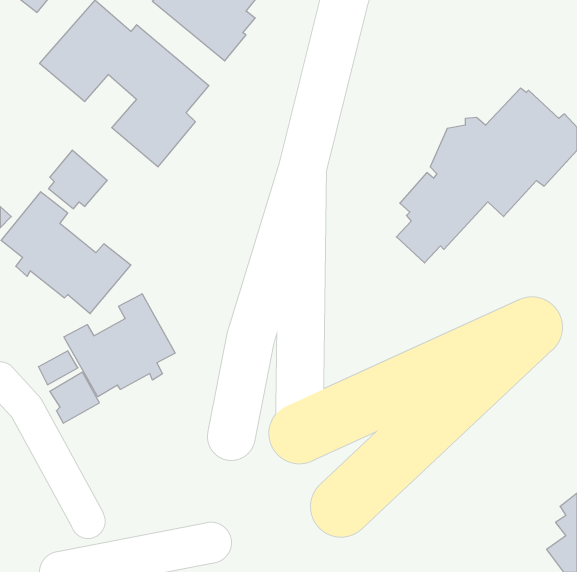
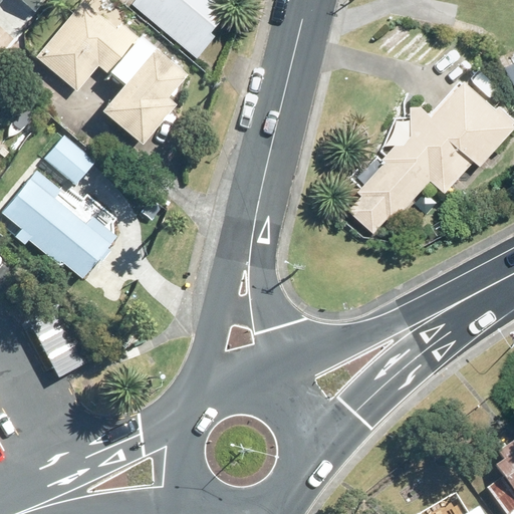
building: [64,294,175,397] -> none

